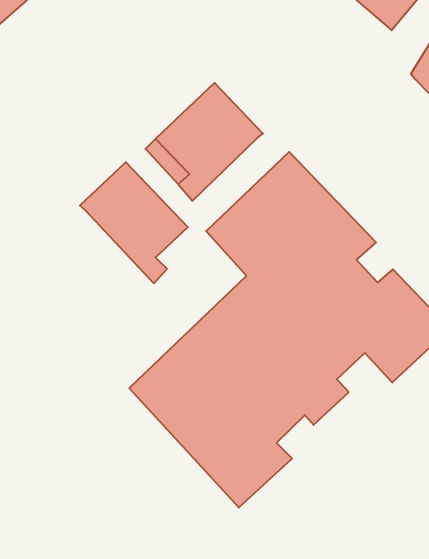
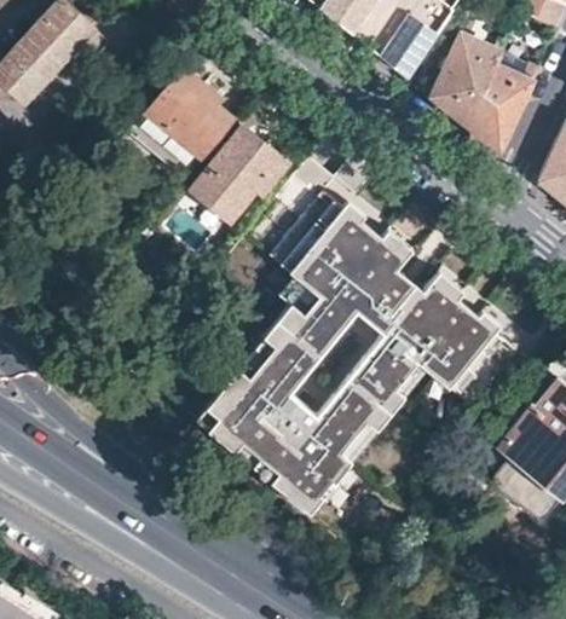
building: none -> [128,68,236,170]
building: [80,162,188,283] -> none

